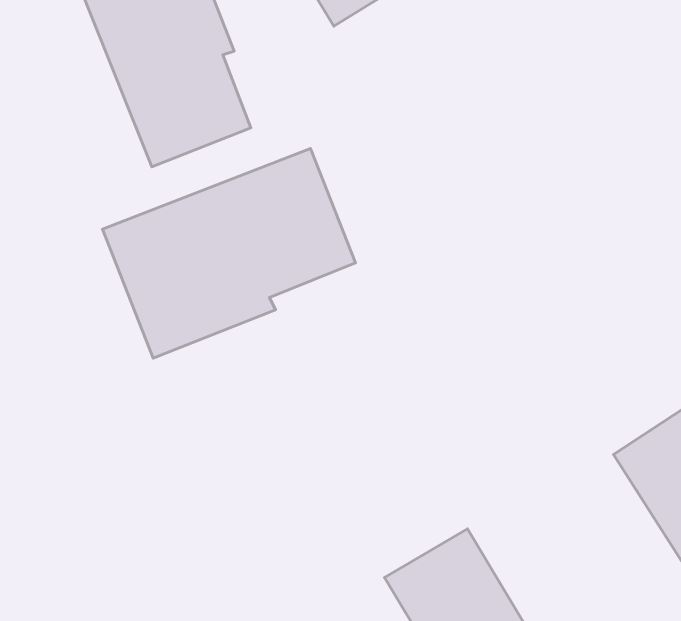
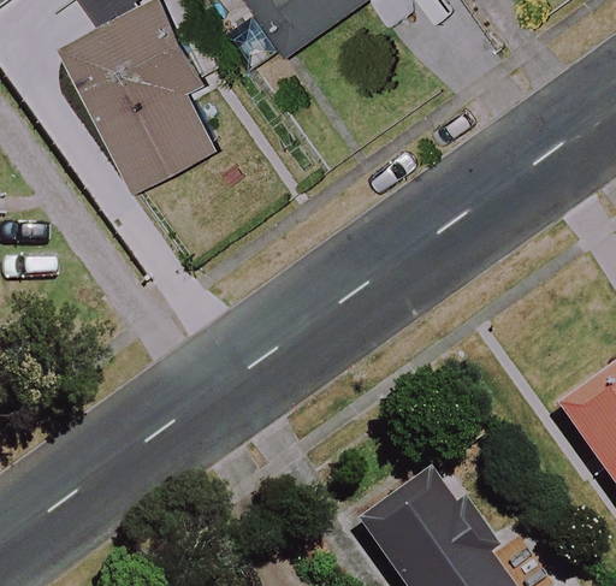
building: [103,149,355,358] -> none

